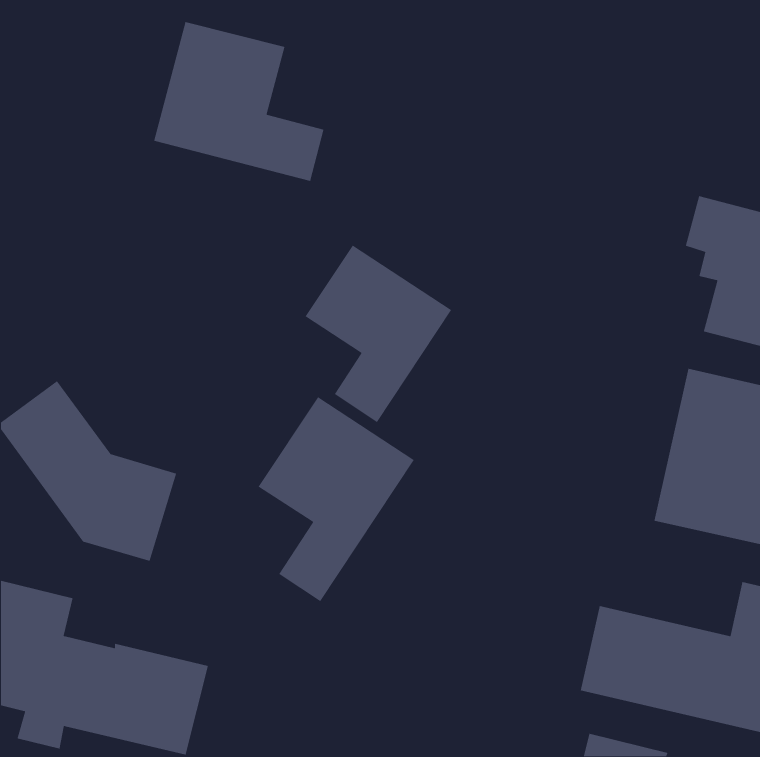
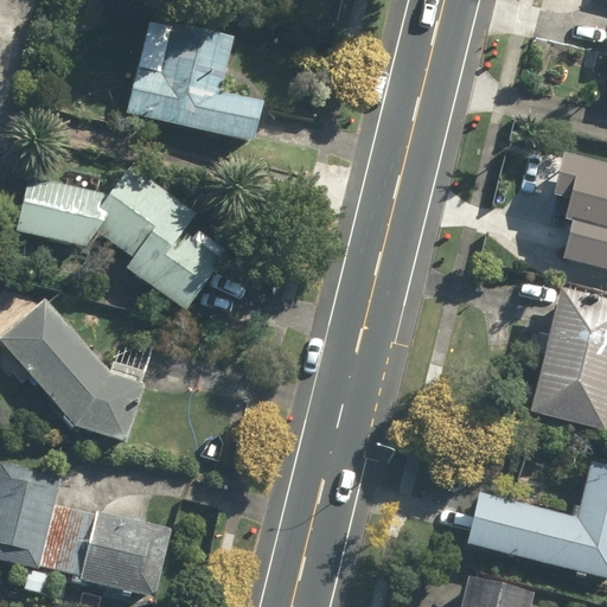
building: none -> [20,166,226,311]
building: [304,244,452,423] -> none
building: [257,396,415,602] -> none

